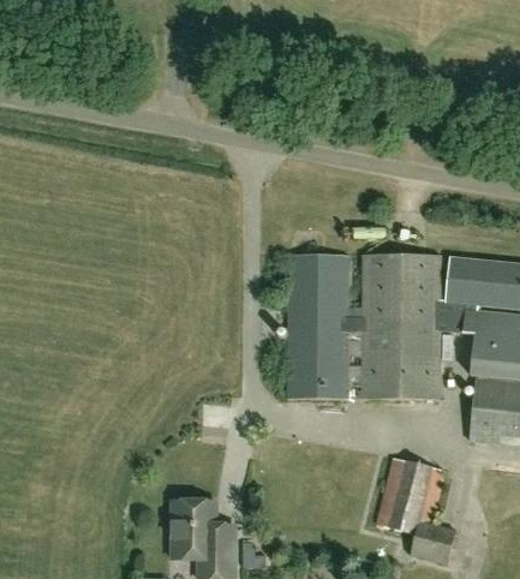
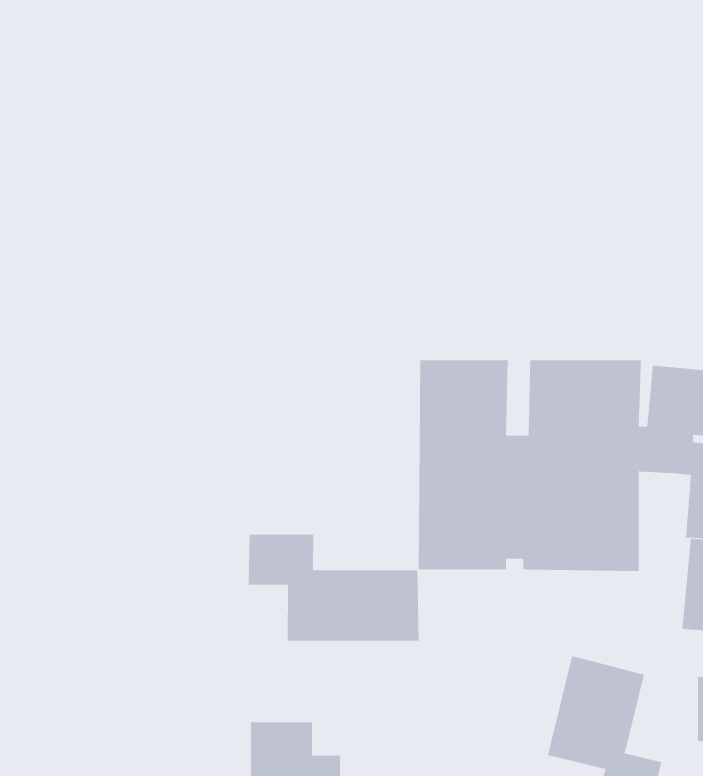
building: none -> [248,534,419,642]

